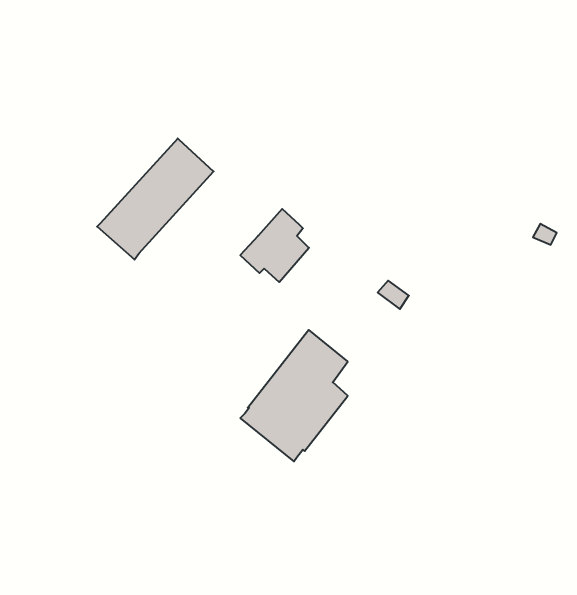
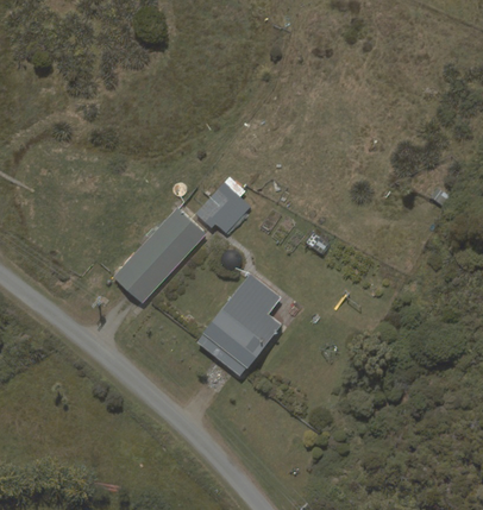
building: [97,138,214,260] -> [112,208,205,304]

